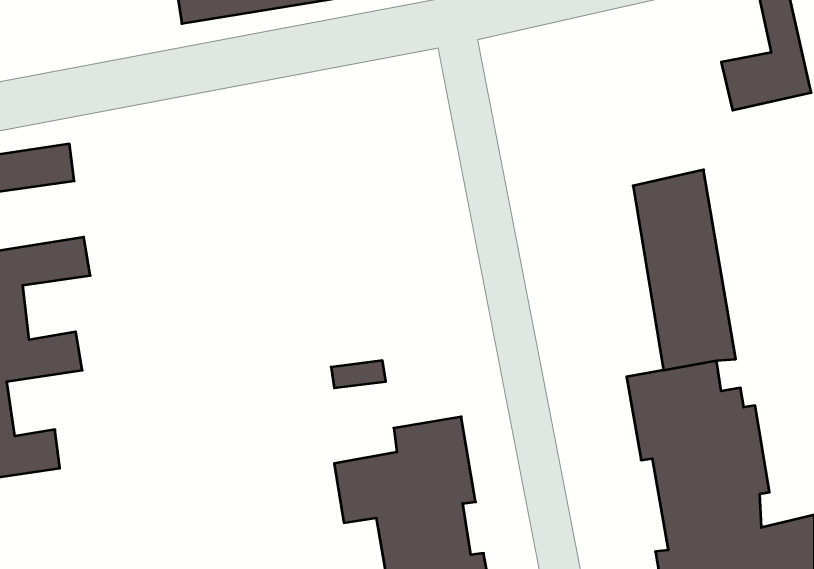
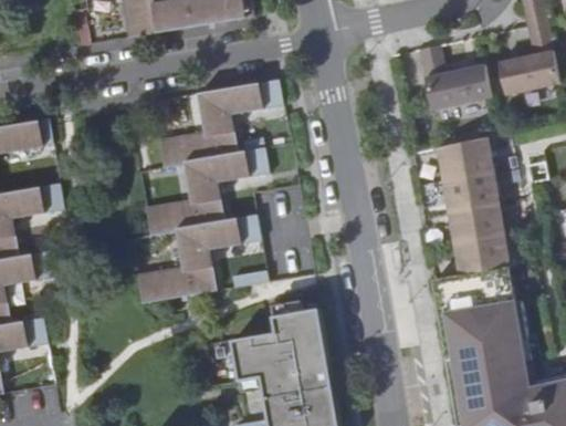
building: none -> [419,45,492,111]
building: none -> [137,77,283,303]

